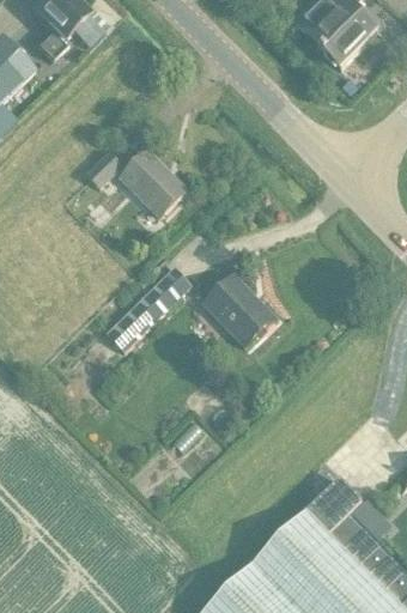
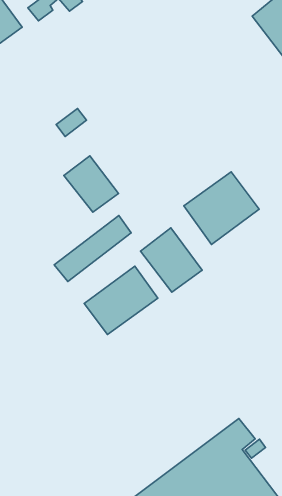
building: [122,153,187,217] -> [64,156,118,212]
building: none -> [184,172,259,244]
building: none -> [84,266,158,334]

